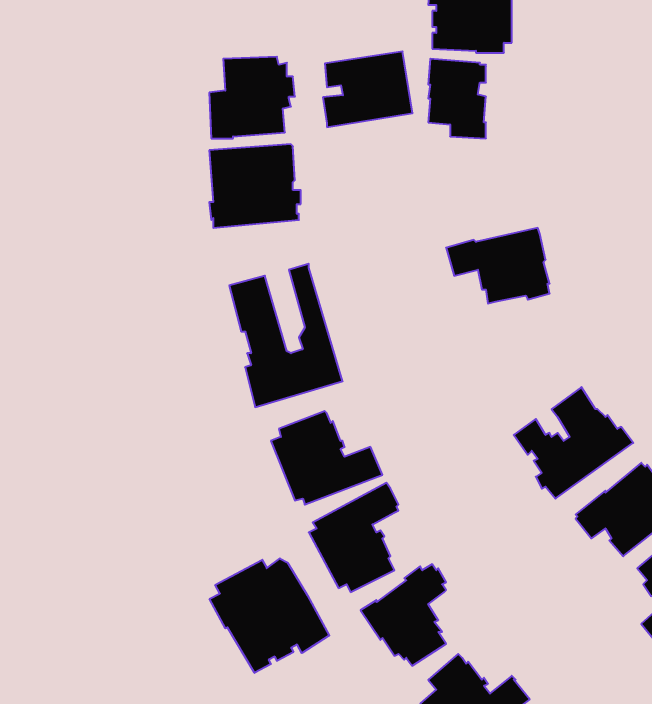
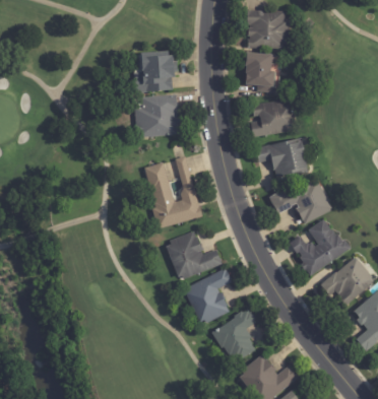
building: [323,51,413,127] -> [251,97,297,136]
building: none -> [269,179,332,223]
building: [210,558,329,673] -> none

